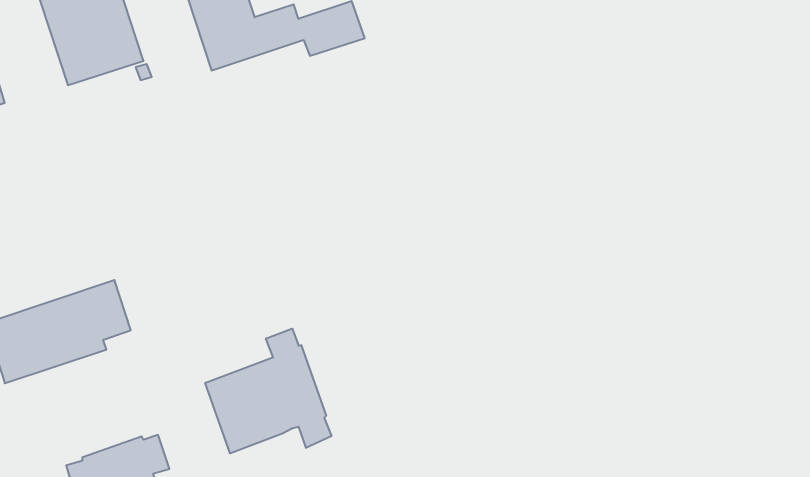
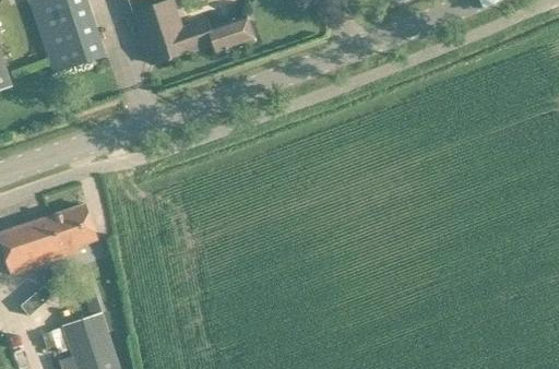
building: [205,329,331,453] -> none

